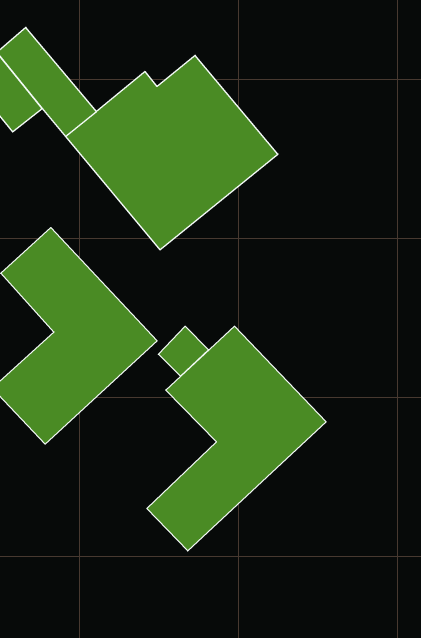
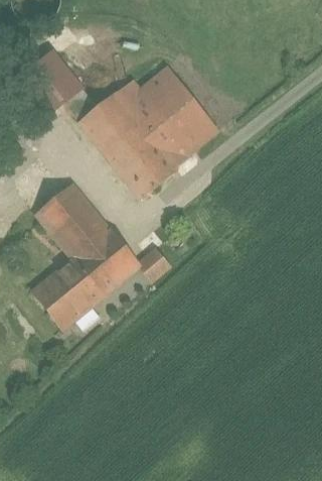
building: [147,326,326,551] -> none

